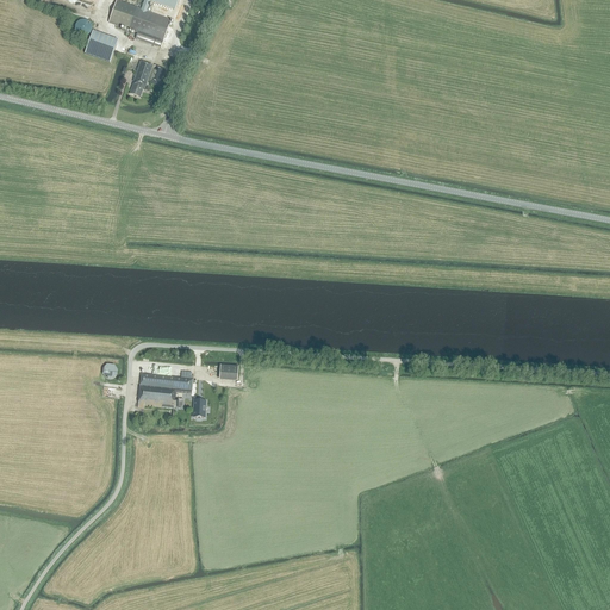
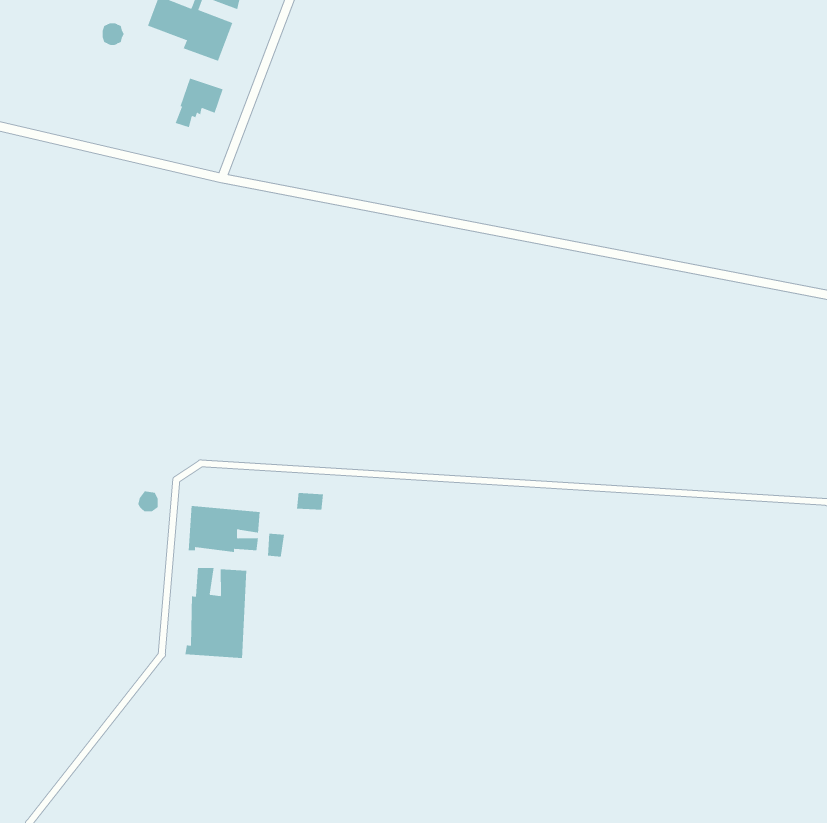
building: [86,29,119,60] -> none
building: none -> [185,567,247,659]

